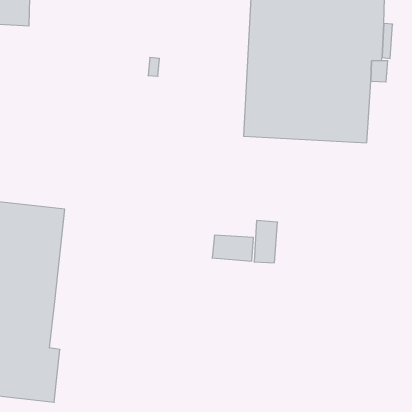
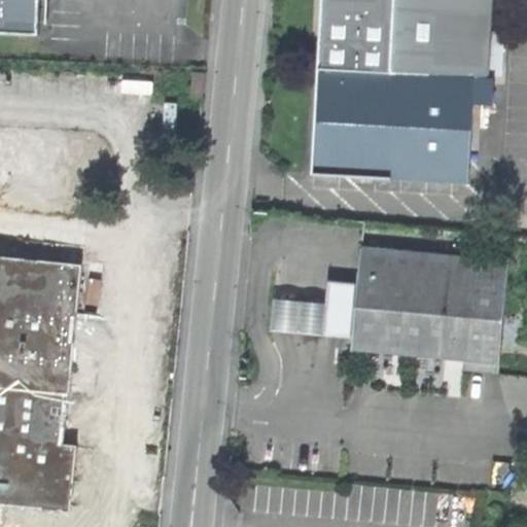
building: none -> [351,247,505,371]

